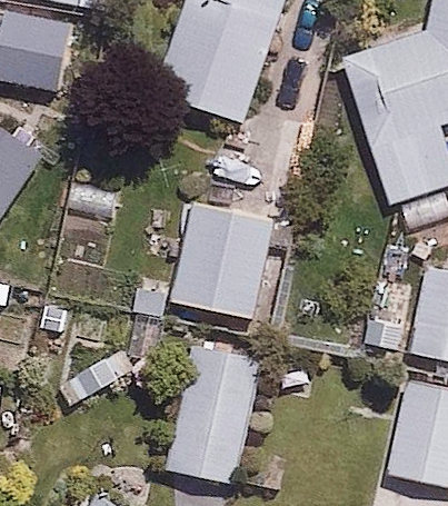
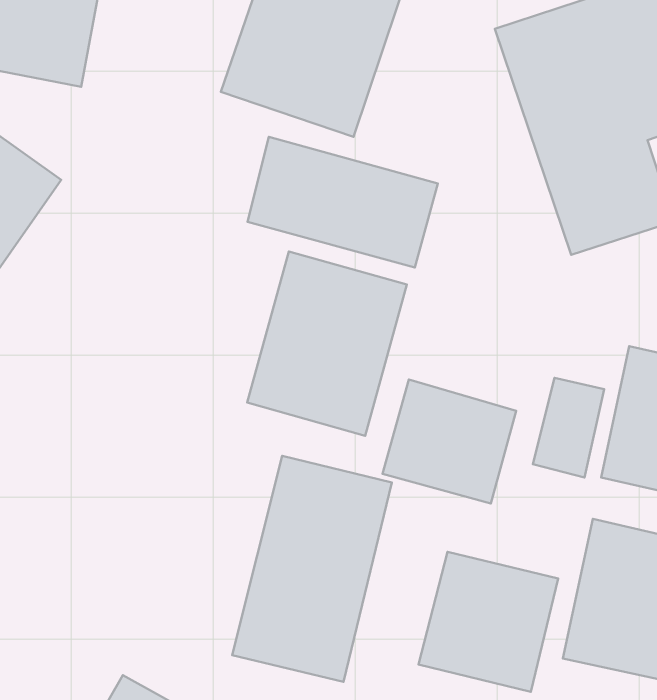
building: none -> [248,137,438,268]
building: none -> [383,380,516,504]
building: none -> [418,552,558,692]

